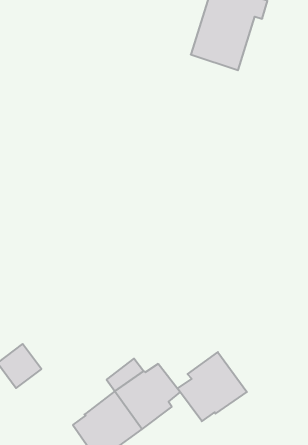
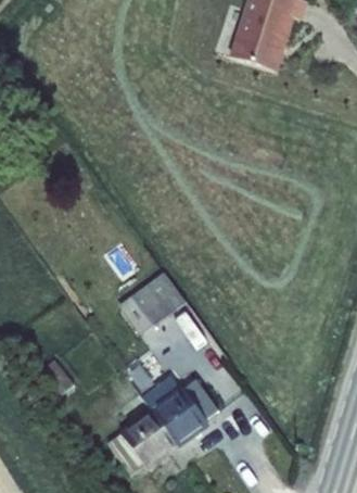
building: none -> [123,267,191,332]
building: [177,352,247,421] -> none

